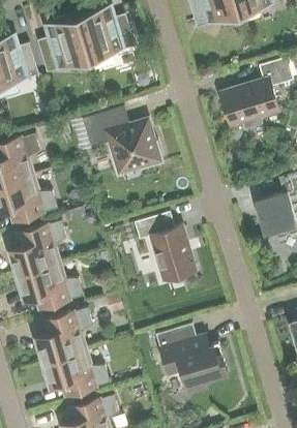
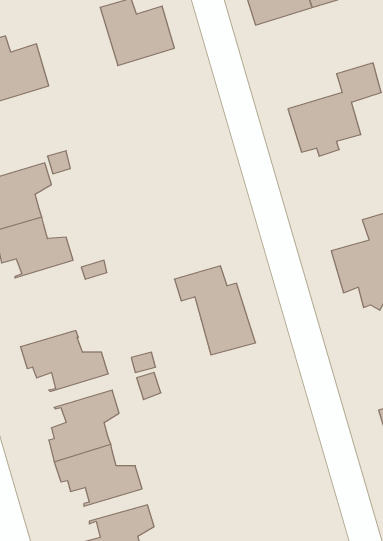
building: [37,14,91,72] -> none
building: [82,110,164,171] -> none
building: [11,220,66,274] -> none
building: [156,324,228,394] -> none

